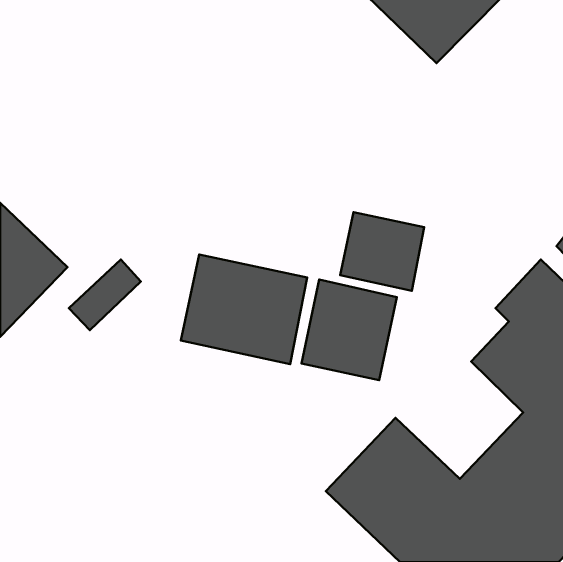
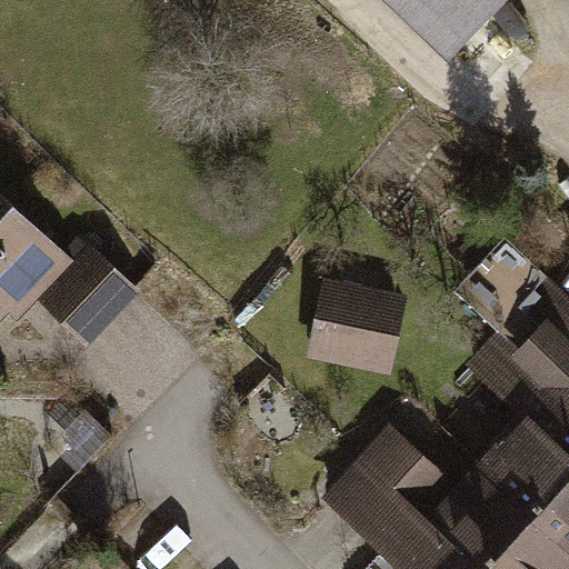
building: [340,212,424,291] -> none
building: [181,255,307,364] -> none

